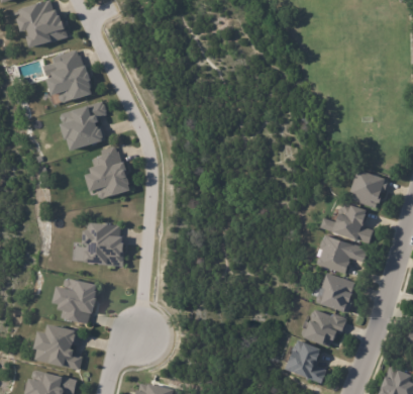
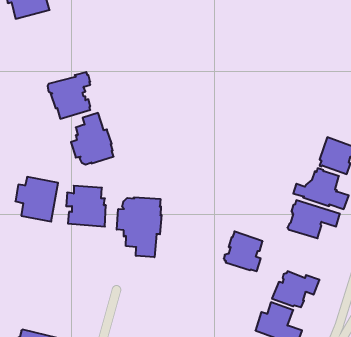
building: [45,48,93,101] -> none
building: none -> [117,197,162,257]
building: [313,273,353,314] -> [224,231,263,271]
building: [54,277,98,323] -> [15,177,58,222]
building: [33,323,83,369] -> none

